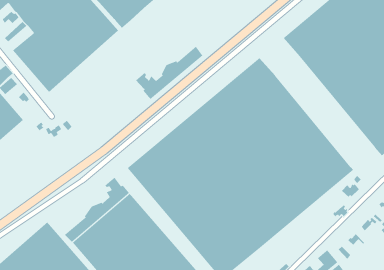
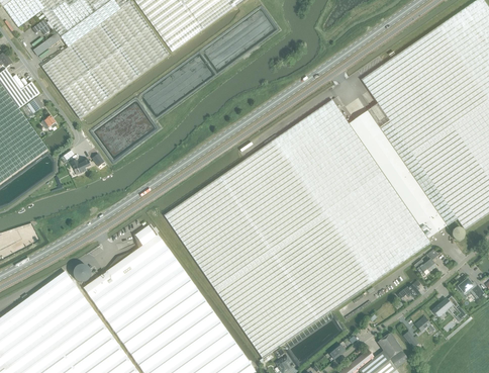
building: [135,46,203,100] -> none
building: none -> [349,102,457,238]

